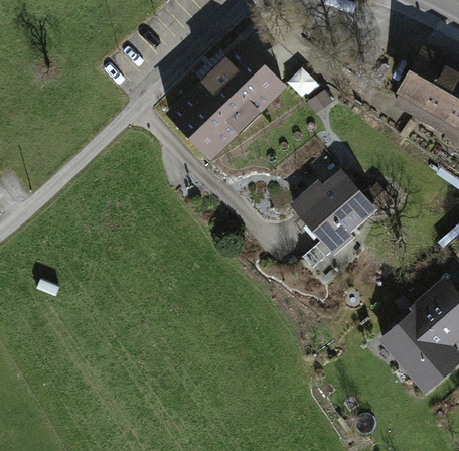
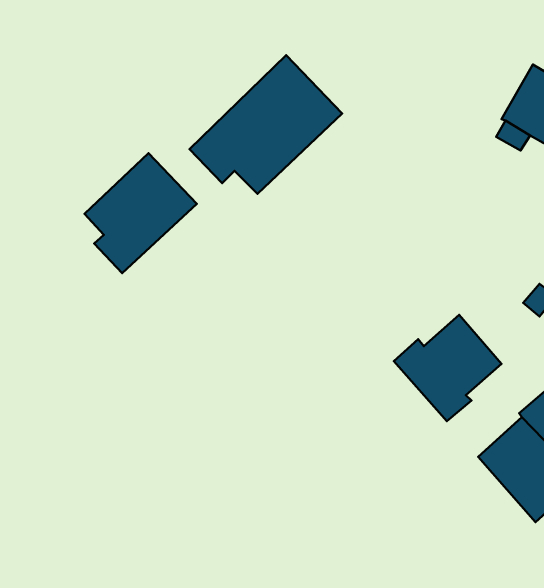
building: none -> [85,153,197,273]
building: [294,173,373,252] -> [394,315,501,421]

